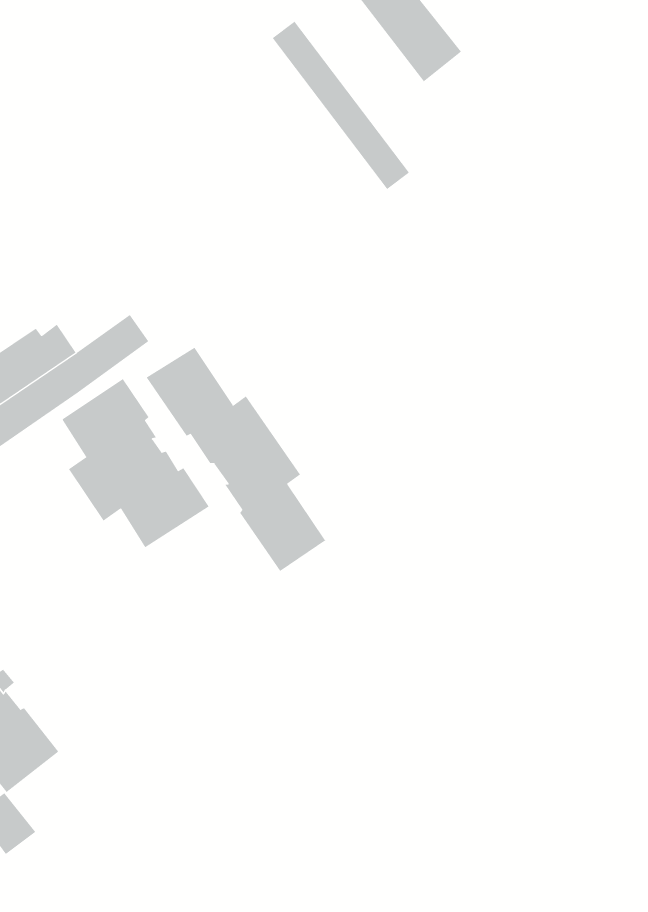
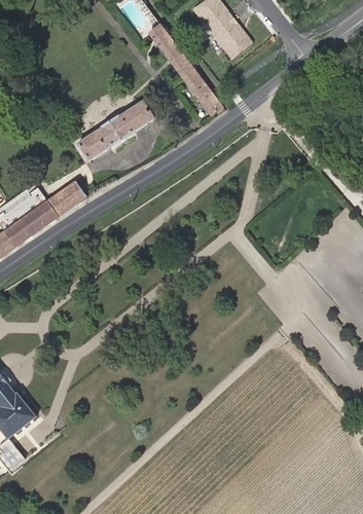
building: none -> [78,101,153,159]
building: [146,347,327,572] -> none
building: [60,378,210,548] -> none

